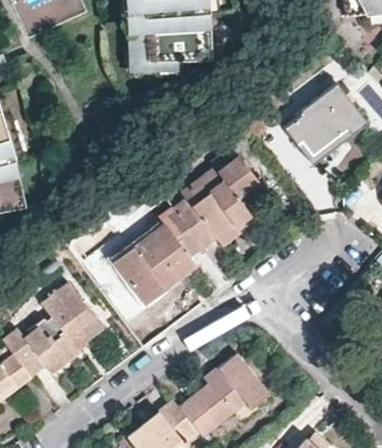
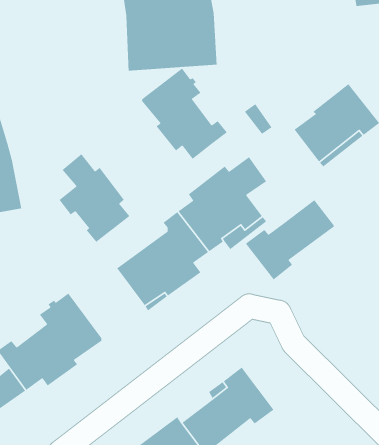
building: none -> [141,68,228,160]
building: none -> [58,153,130,243]
building: none -> [245,199,335,280]

